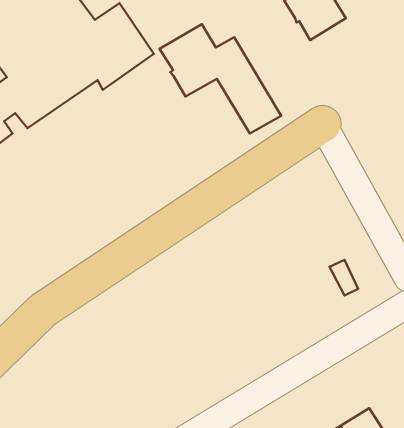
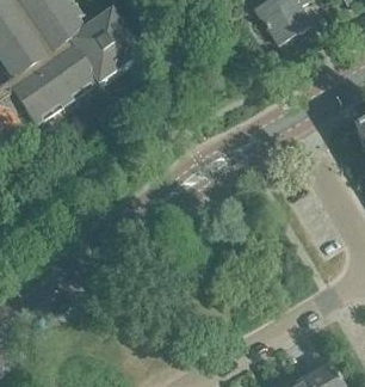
building: [160,24,281,134] -> none

